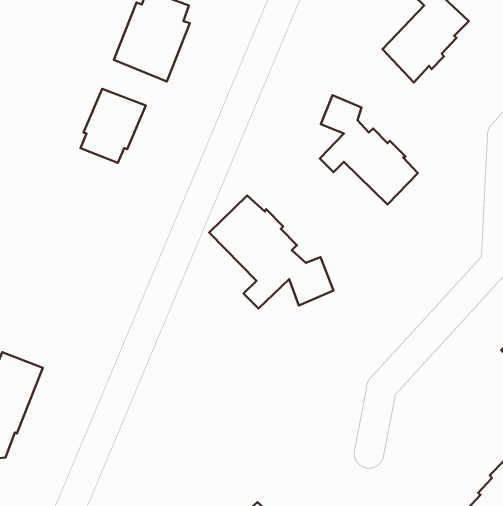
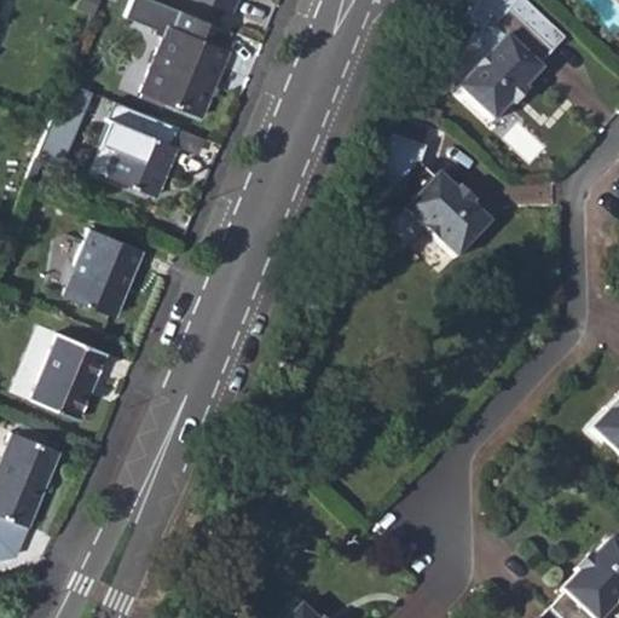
building: none -> [62,225,143,313]
building: [209,196,333,309] -> none
building: none -> [30,330,106,417]

